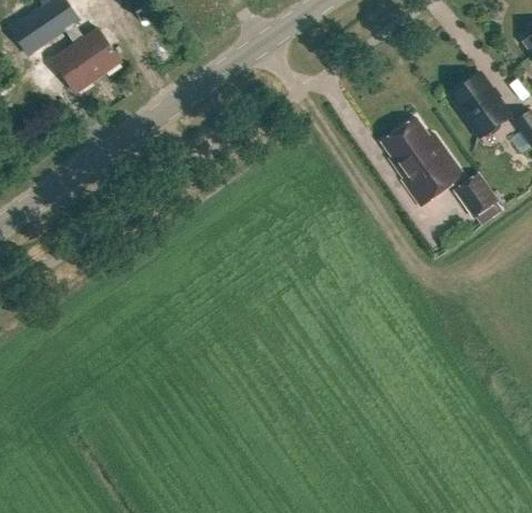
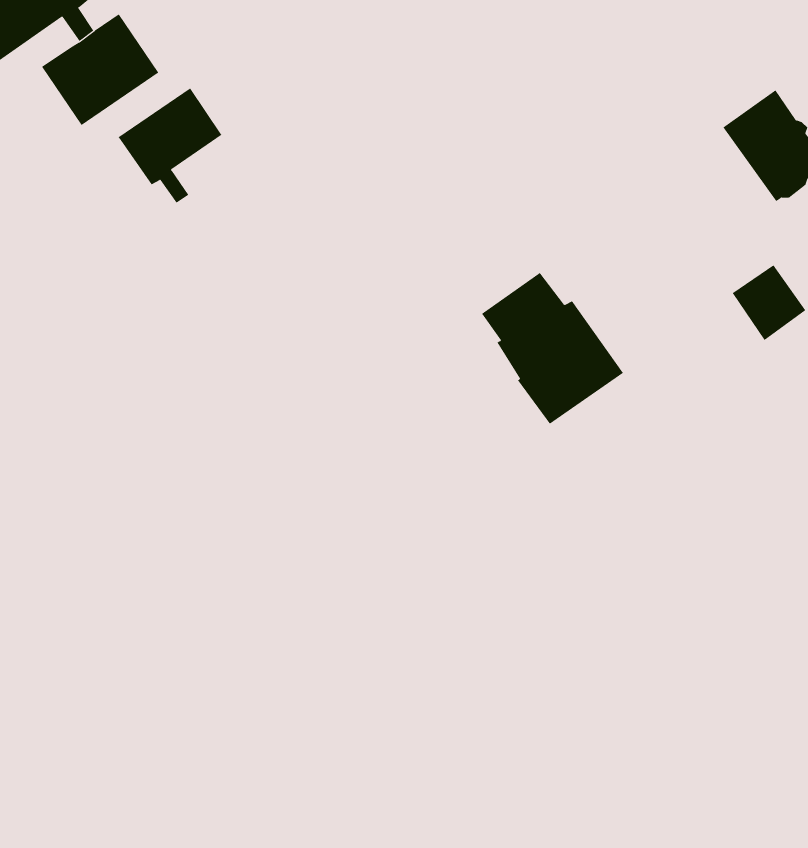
building: none -> [118,87,222,203]
building: [382,116,465,205] -> [481,272,624,424]

